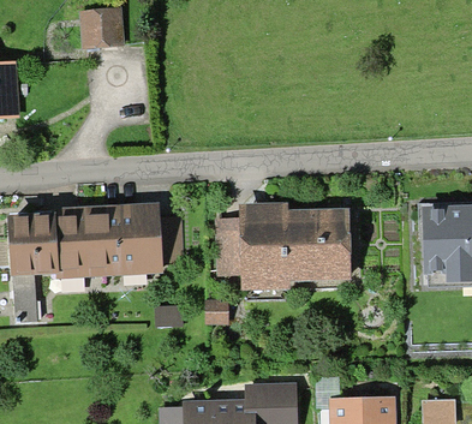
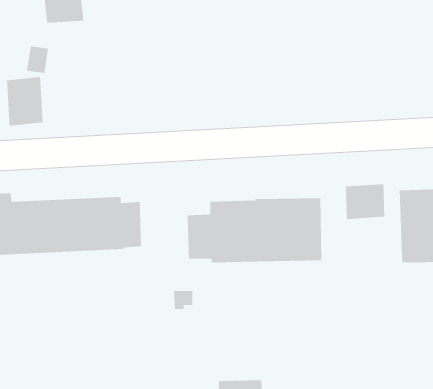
building: none -> [6,76,43,127]
building: none -> [345,183,385,220]

